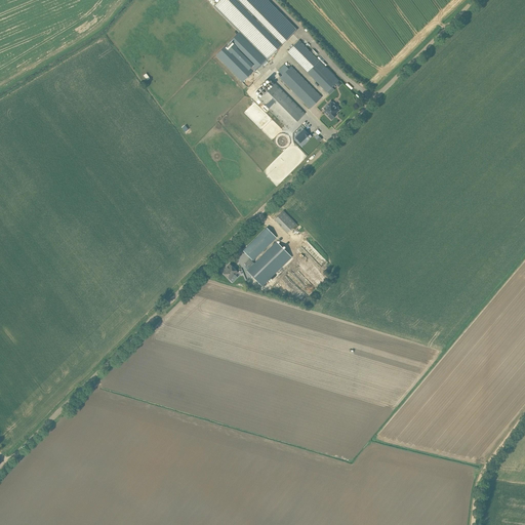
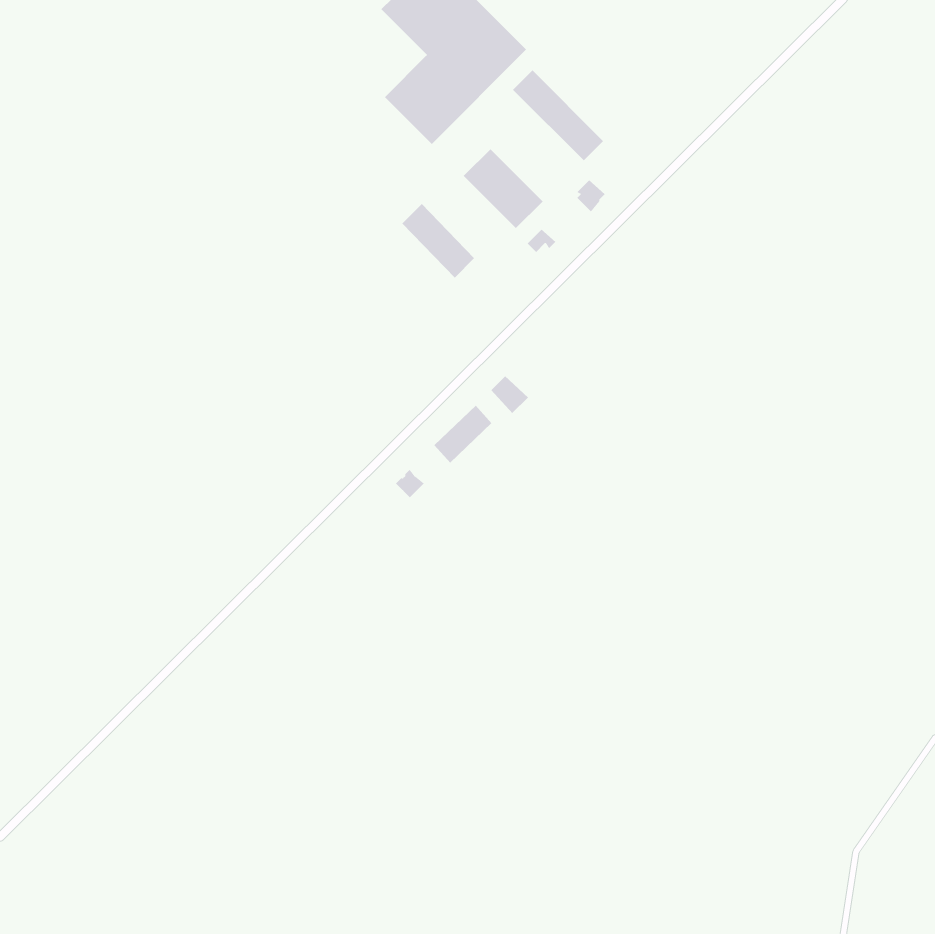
building: [280,66,321,108] -> [402,203,475,278]
building: [247,241,291,285] -> none

